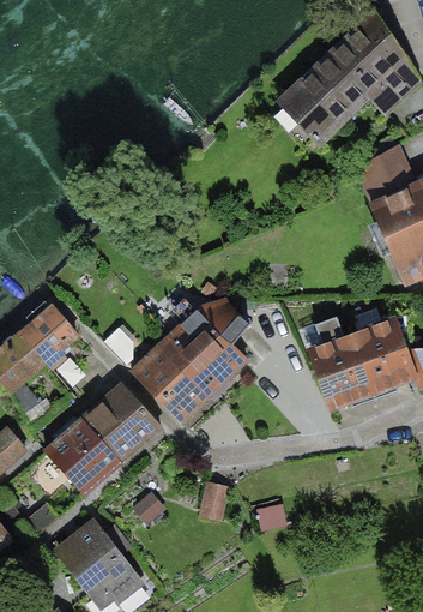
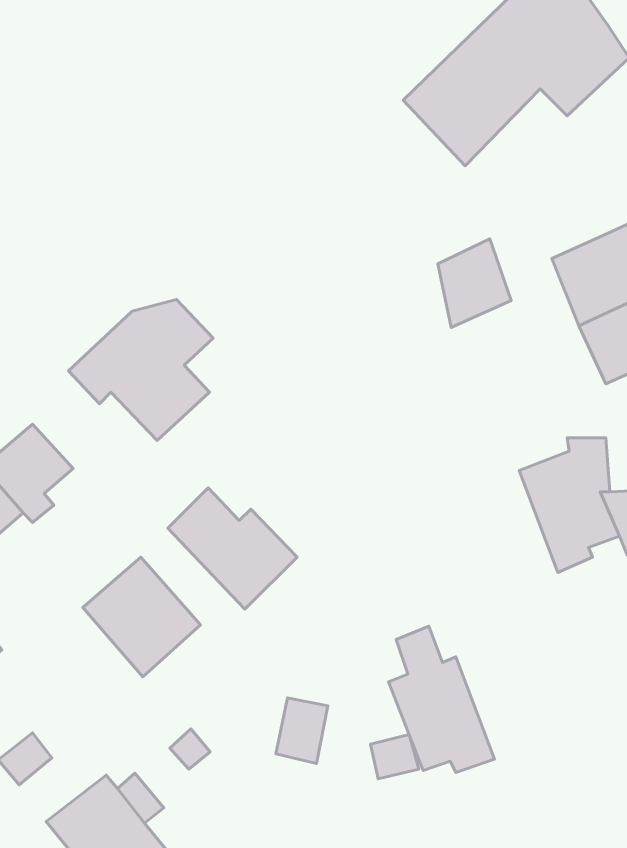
building: [362,148,407,203] -> [438,239,511,327]
building: [157,301,247,389] -> [69,300,213,440]
building: [308,316,374,407] -> [388,626,495,773]
building: [44,420,116,493] -> none

